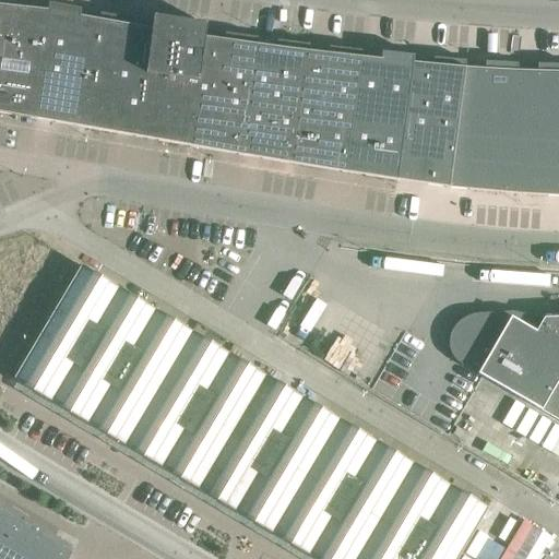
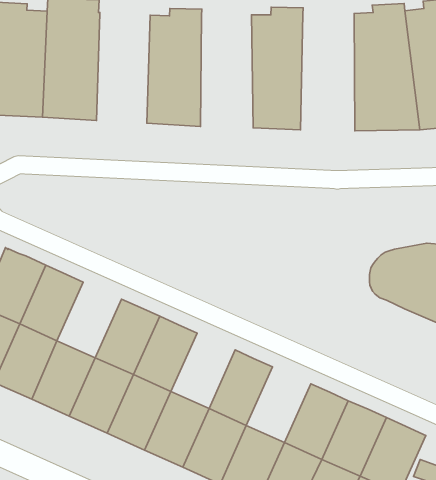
building: [188,32,257,154] -> none
building: [294,45,360,171] -> none
building: [395,57,465,187] -> none
building: [121,309,192,388] -> none
building: [231,374,302,453] -> none
building: [305,418,376,497] -> none

